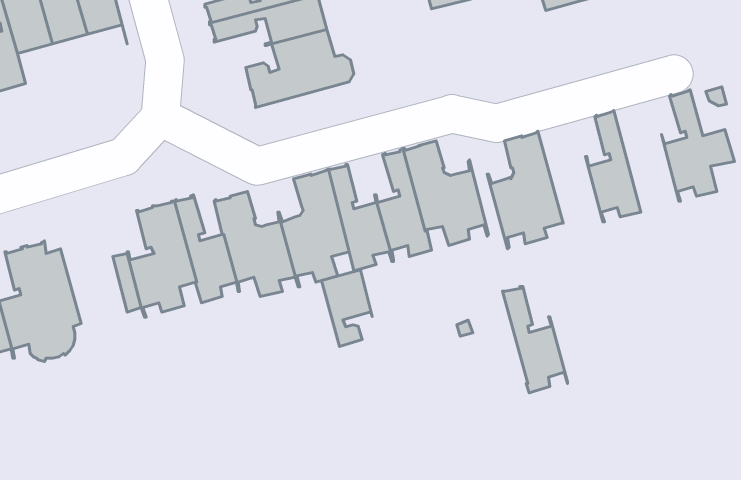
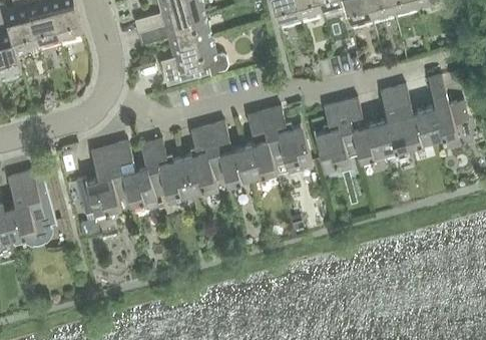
building: none -> [392,84,433,151]
building: [322,270,372,347] -> none
building: [502,287,567,393] -> [344,97,385,164]

